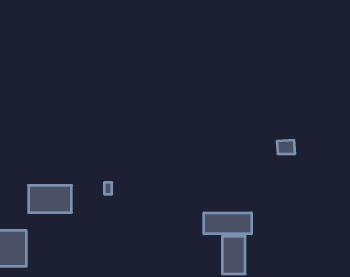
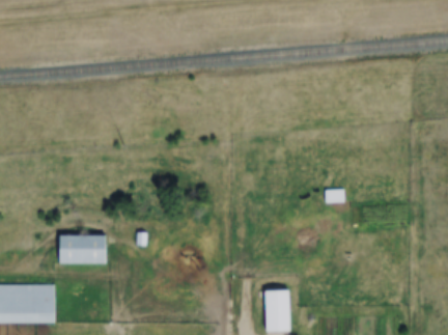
building: [204,213,251,234] -> none

